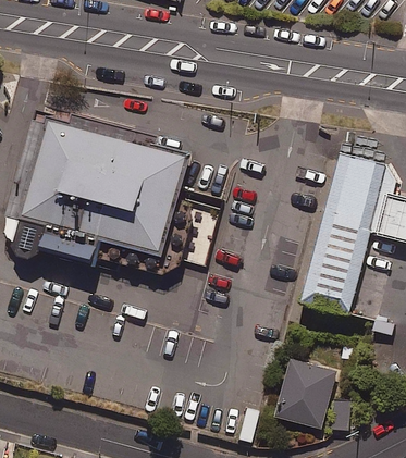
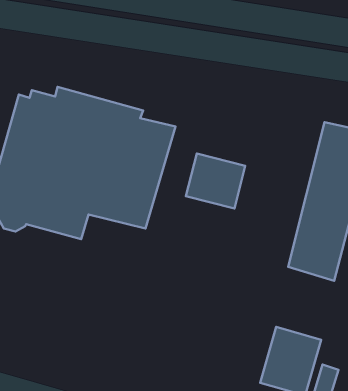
building: none -> [186,154,245,209]

